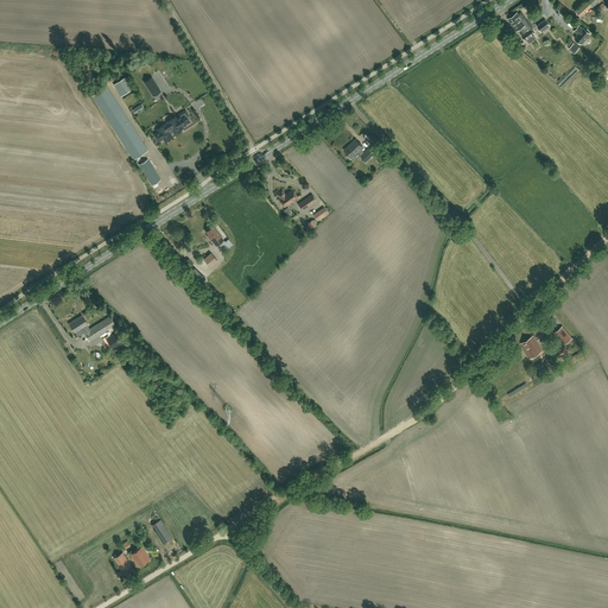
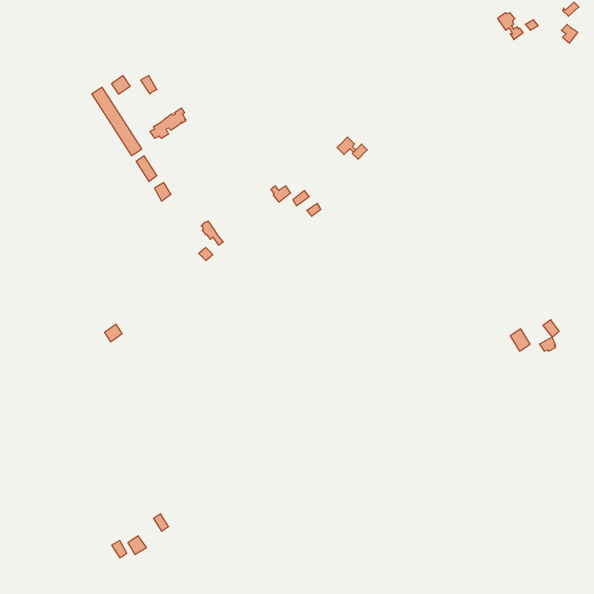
building: [69,316,115,342] -> none

